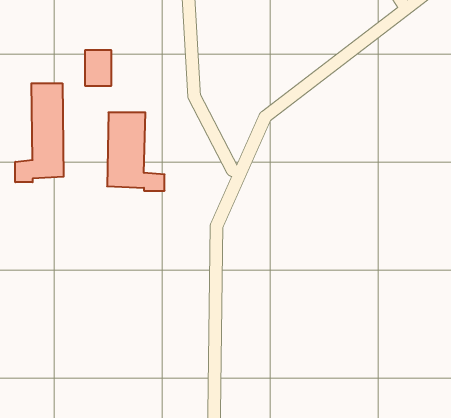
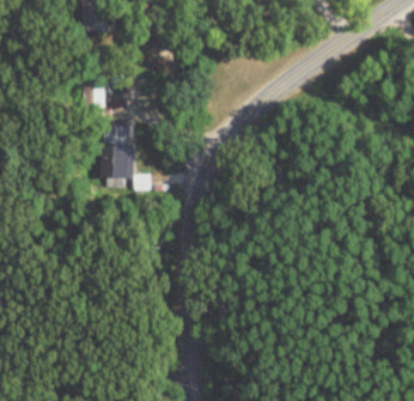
building: [15,83,64,182] -> none

